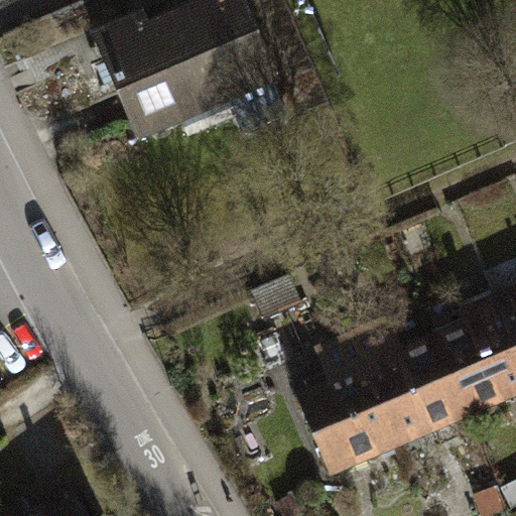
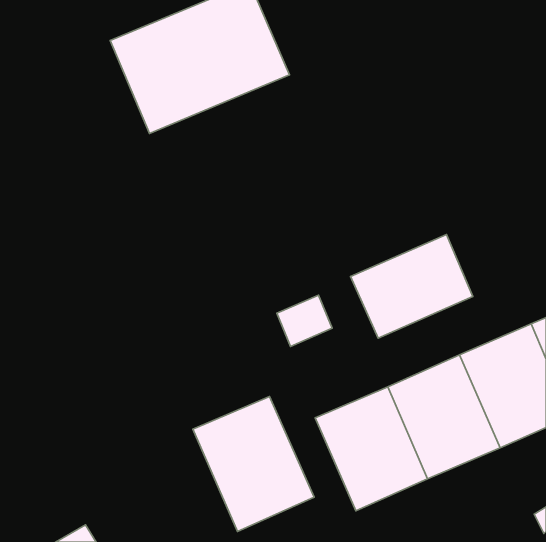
building: none -> [350,235,473,338]
building: none -> [193,397,314,532]

